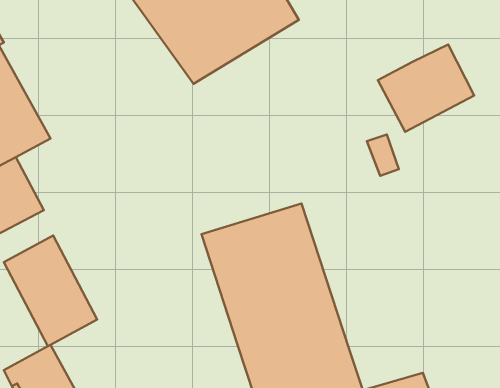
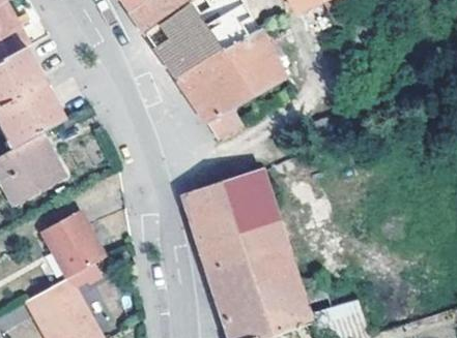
building: none -> [177,28,283,137]
building: [378,44,474,132] -> none

